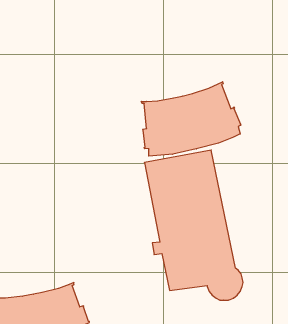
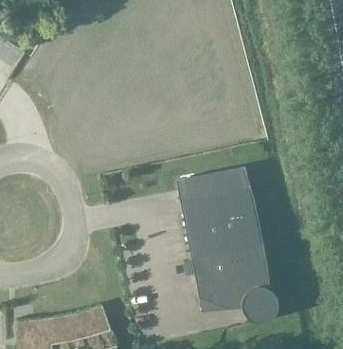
building: [141,82,241,156] -> none

